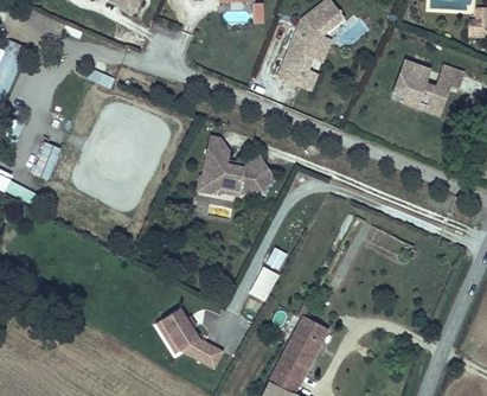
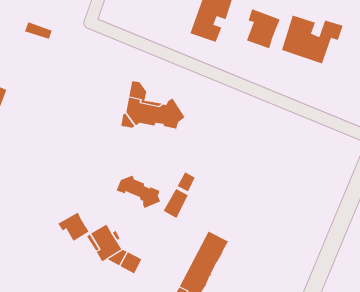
building: none -> [246,8,281,49]
building: none -> [116,175,161,209]
building: none -> [57,212,89,242]

